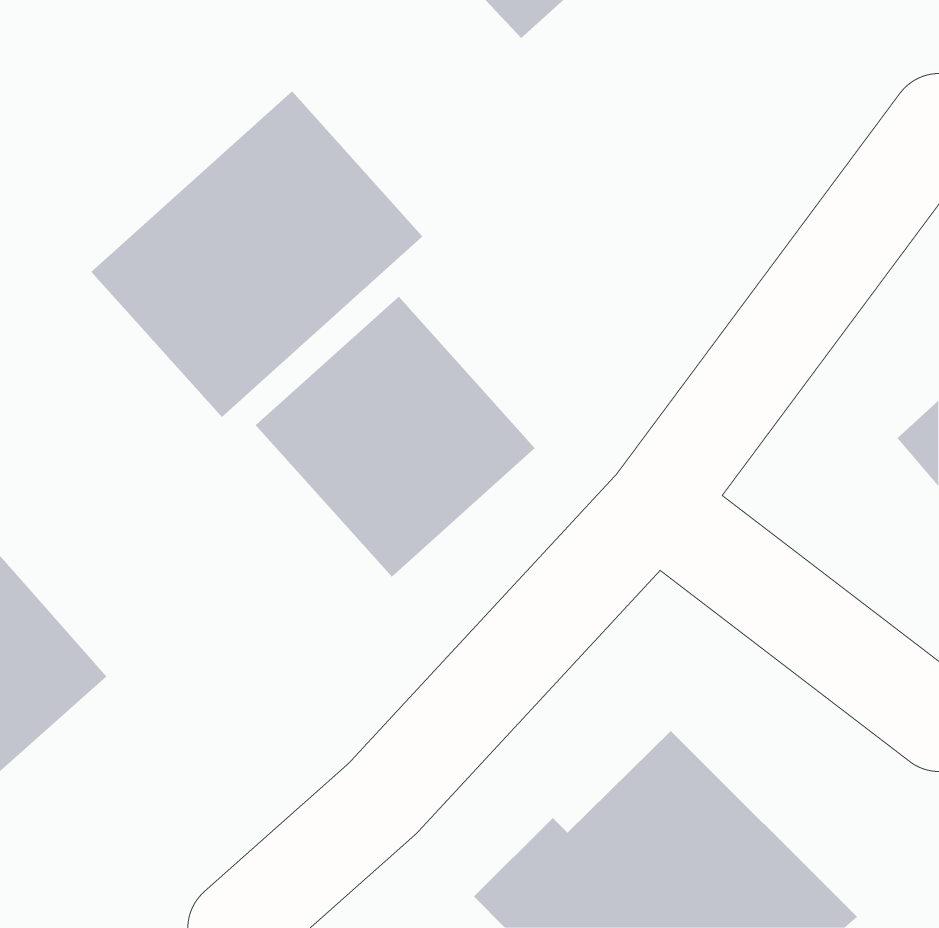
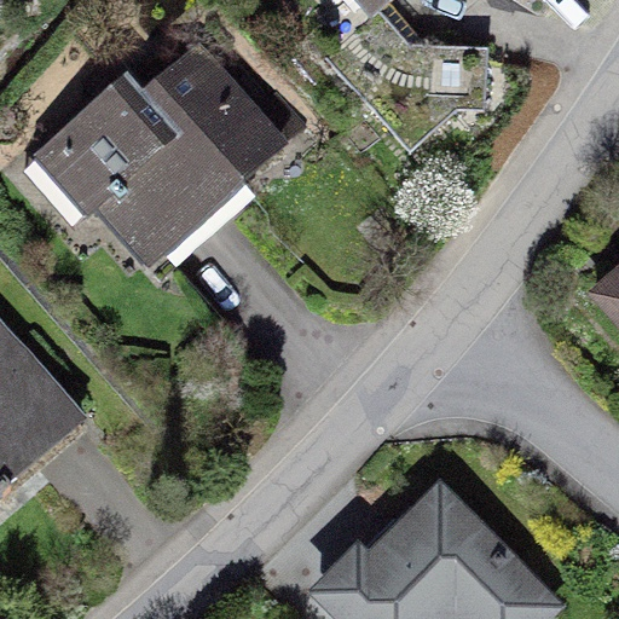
building: [255,296,535,577] -> none

